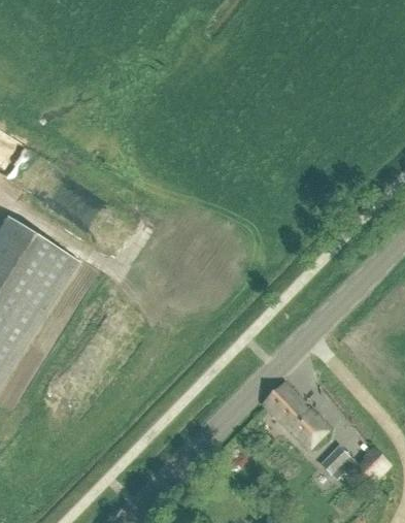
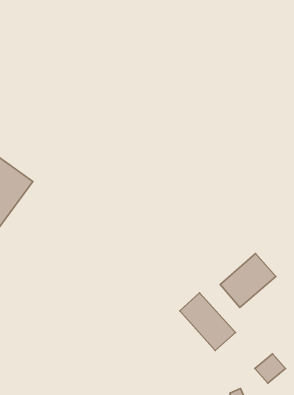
building: none -> [220,253,276,307]
building: [322,445,356,479] -> none

